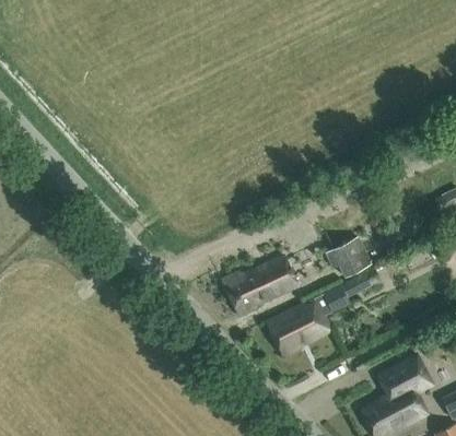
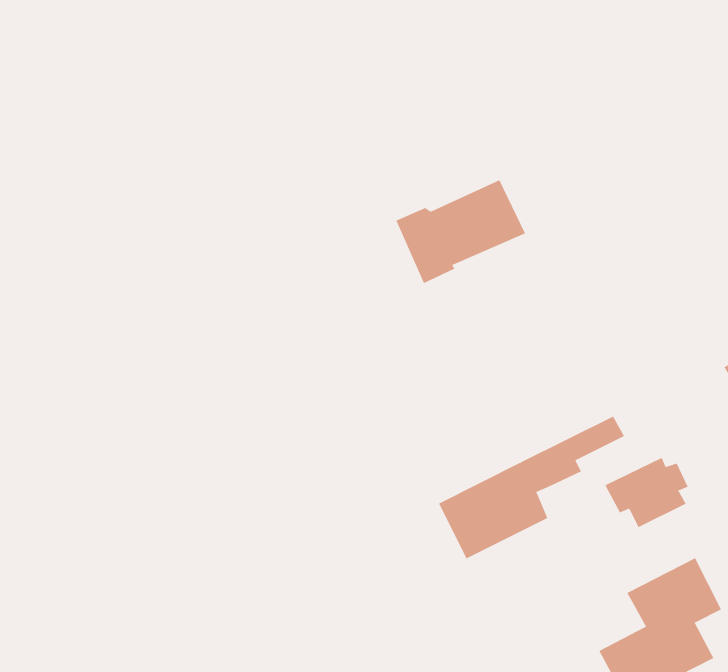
building: [325,236,374,278] -> [604,457,688,528]
building: [222,256,299,317] -> [395,179,526,284]

